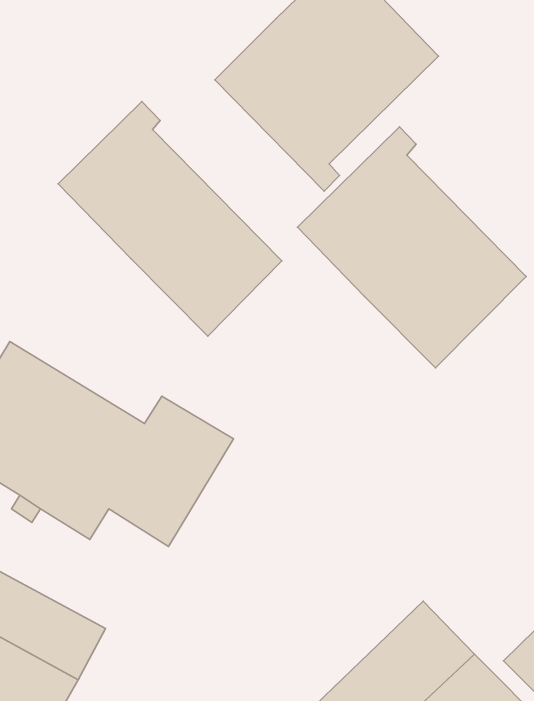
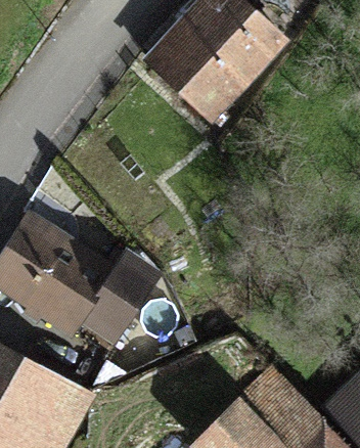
building: [58,102,282,336] -> none
building: [297,127,526,368] -> none

